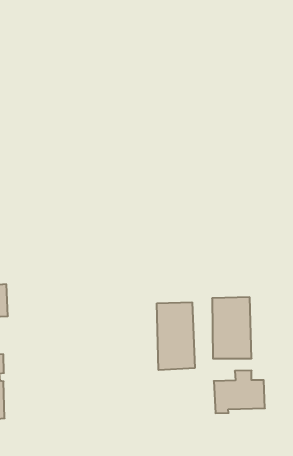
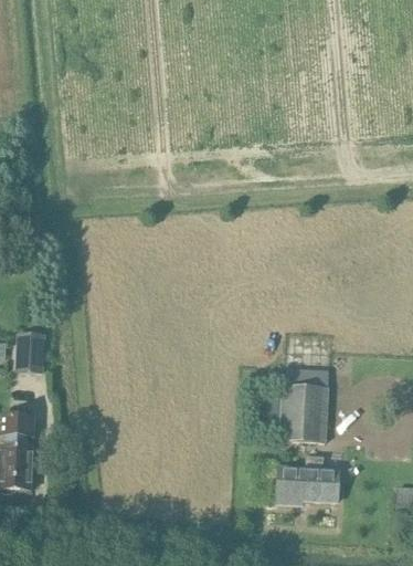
building: [157,302,195,370] -> none

